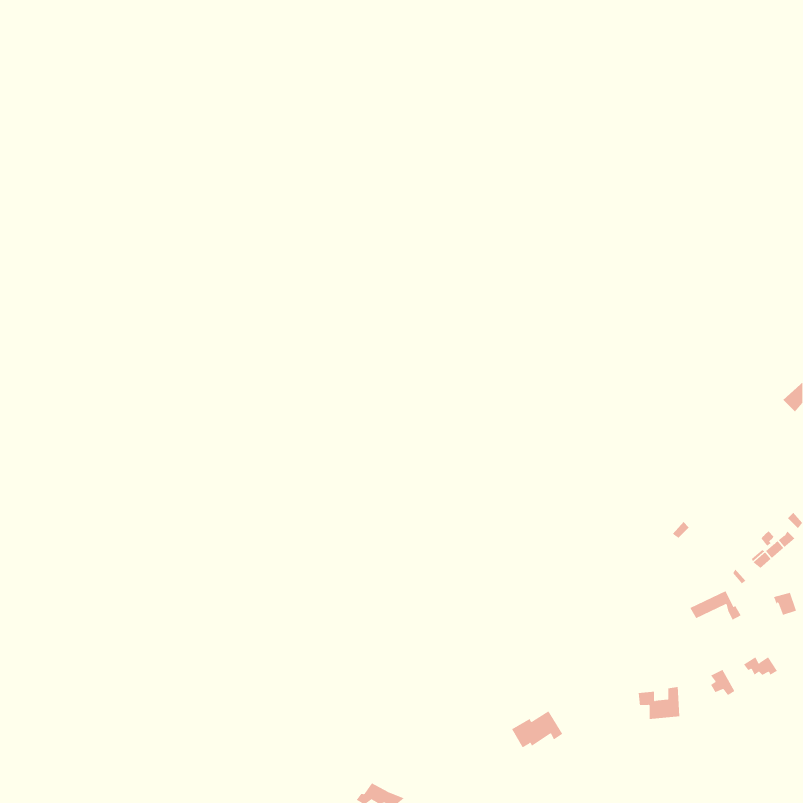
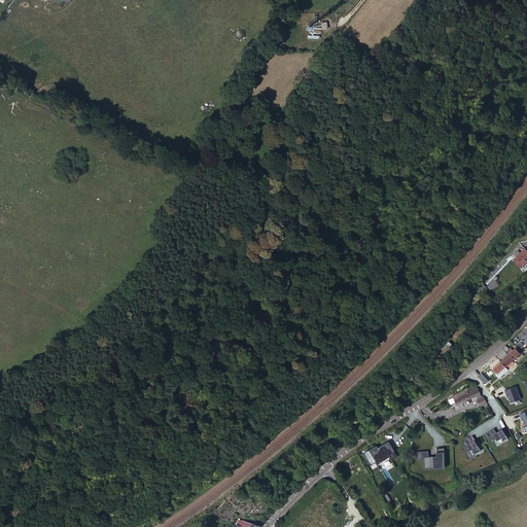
building: [511,710,563,748] -> [362,442,396,466]

